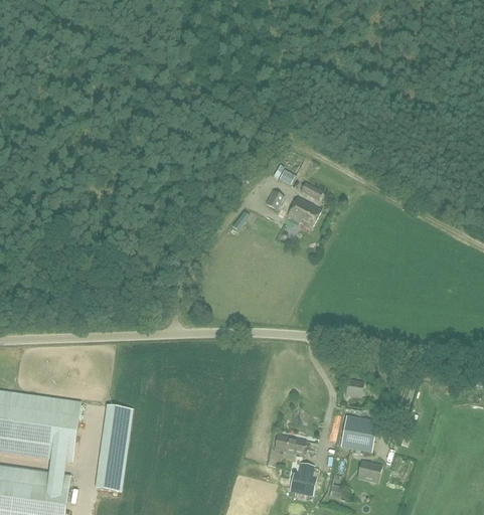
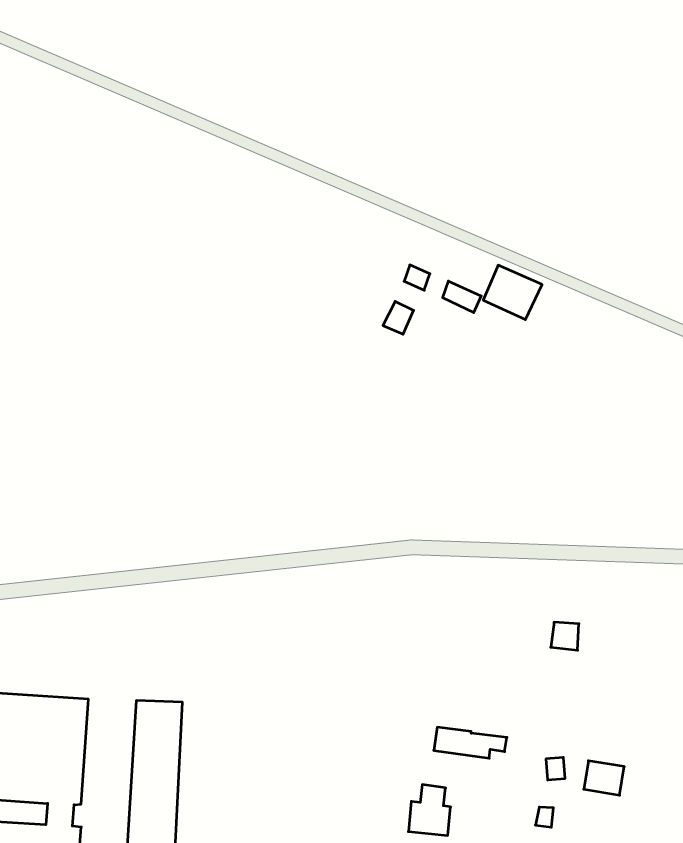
building: [287,196,321,228] -> [483,265,542,320]
building: [340,414,376,453] -> none
building: [290,464,315,494] -> [408,785,451,835]

